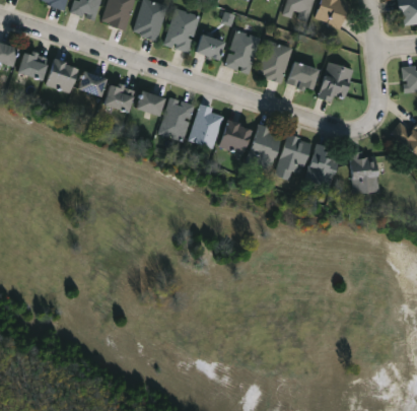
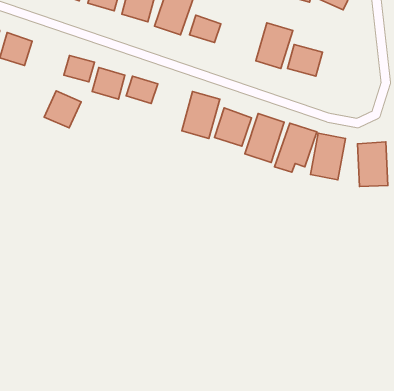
building: [224,30,259,73] -> none
building: [45,59,79,93] -> [44,91,81,128]
building: [318,62,353,100] -> none
building: [158,97,193,141] -> none

